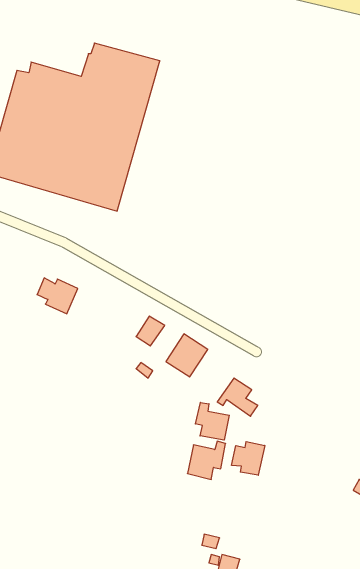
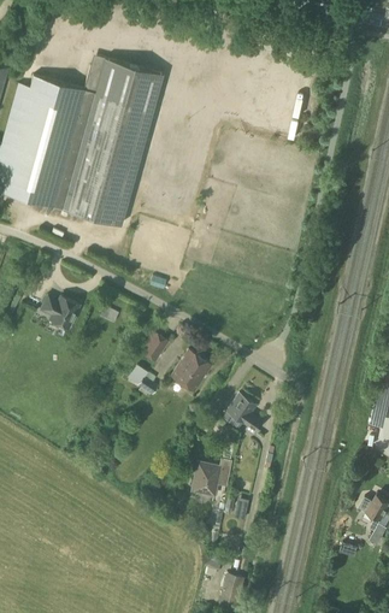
building: [195,402,229,440] -> none
building: [232,442,265,475] -> none

